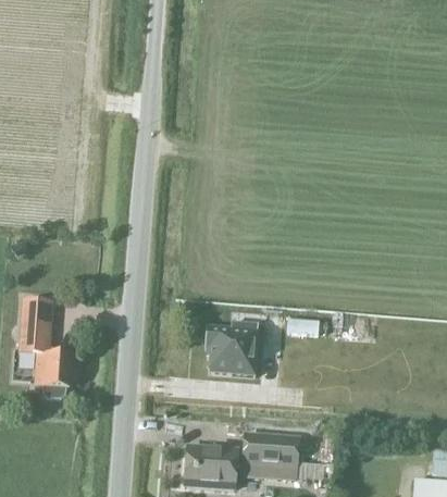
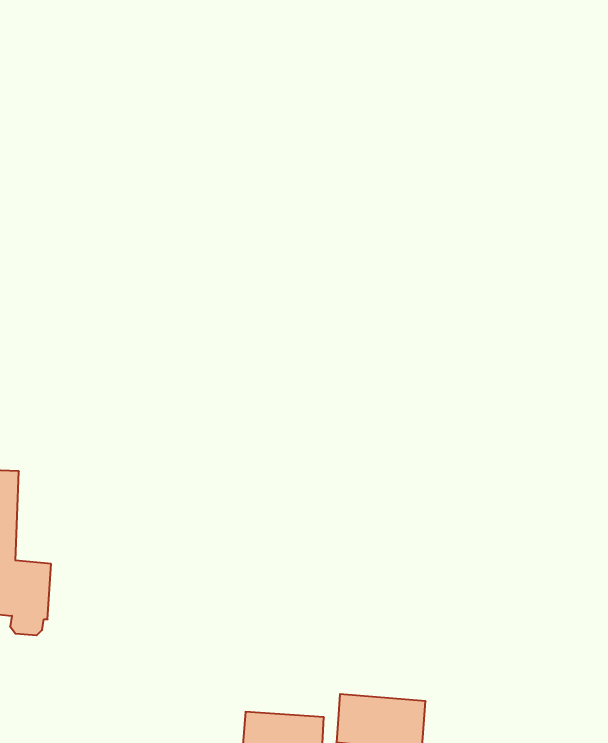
building: [204,322,260,377] -> none

